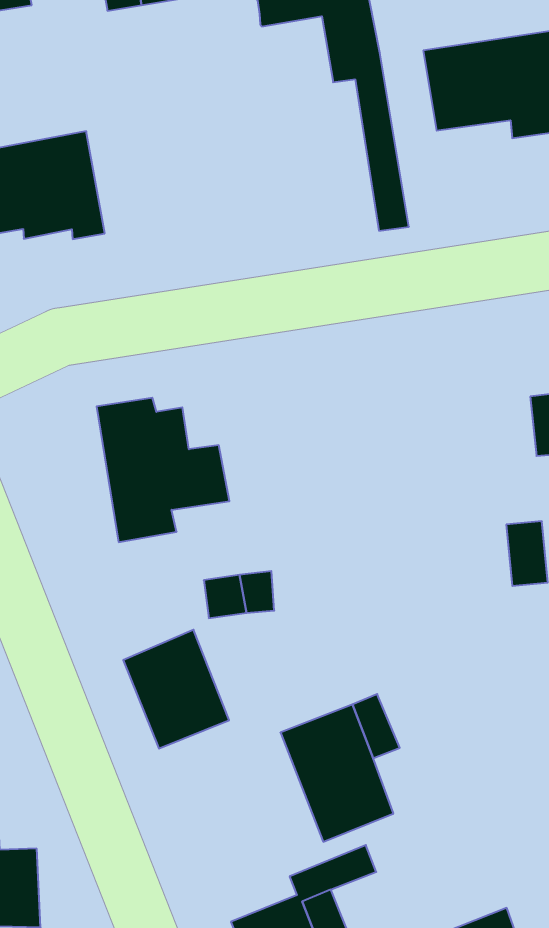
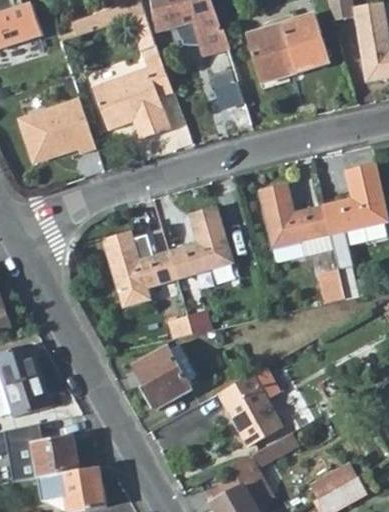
building: none -> [99,60,178,146]
building: none -> [257,182,332,261]
building: none -> [166,205,231,277]

